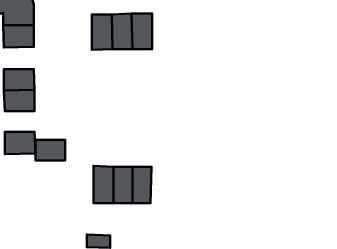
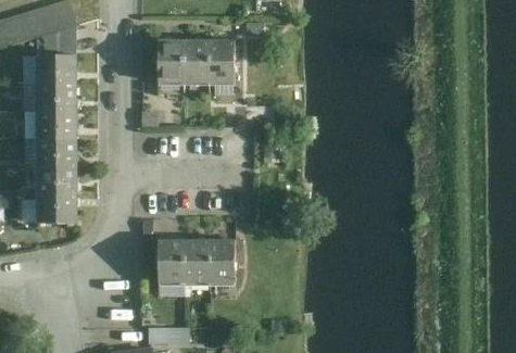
building: none -> [37,81,76,111]
building: [35,140,65,160] -> [38,166,77,193]

